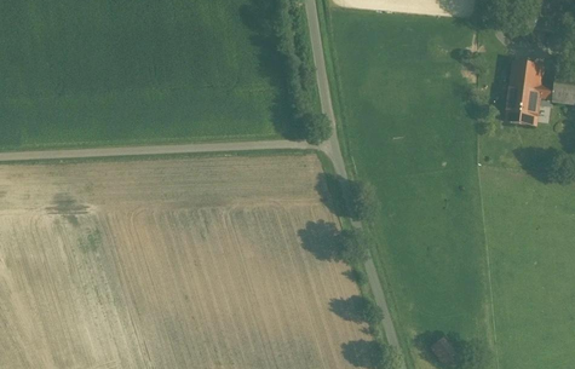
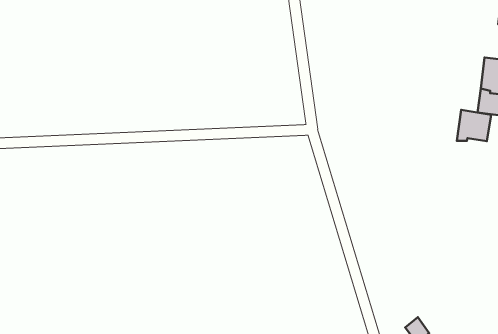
building: none -> [457,110,491,141]

